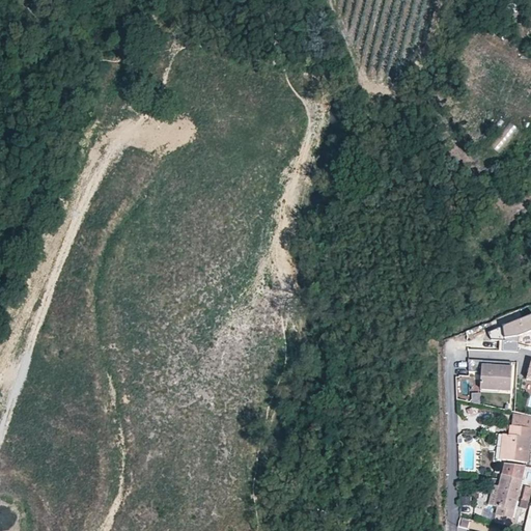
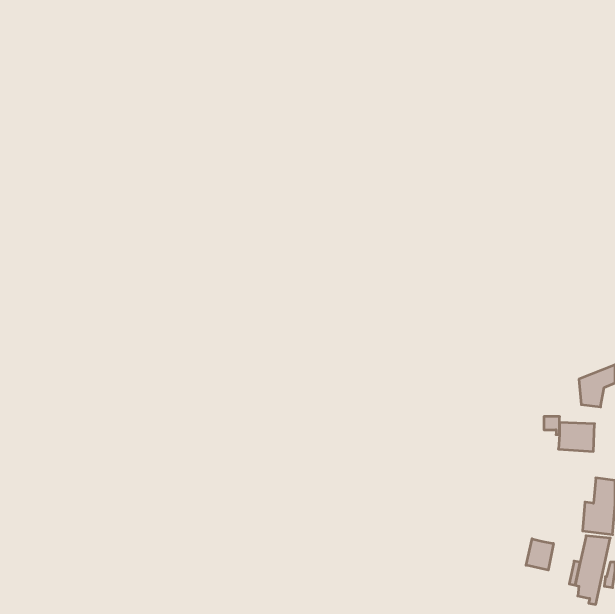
building: none -> [526,539,553,570]

